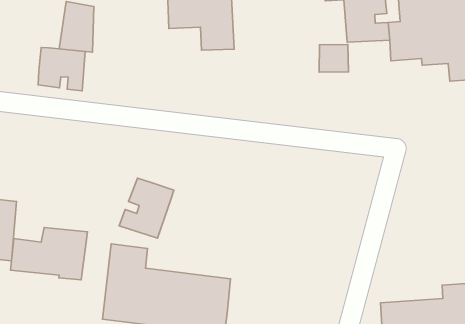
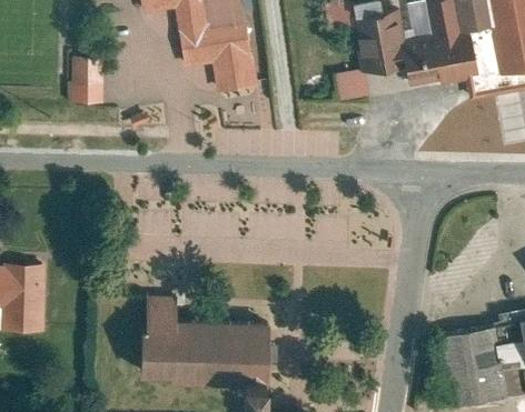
building: [38,47,85,91] -> none
building: [119,178,174,238] -> none
building: [10,228,87,280] -> none

